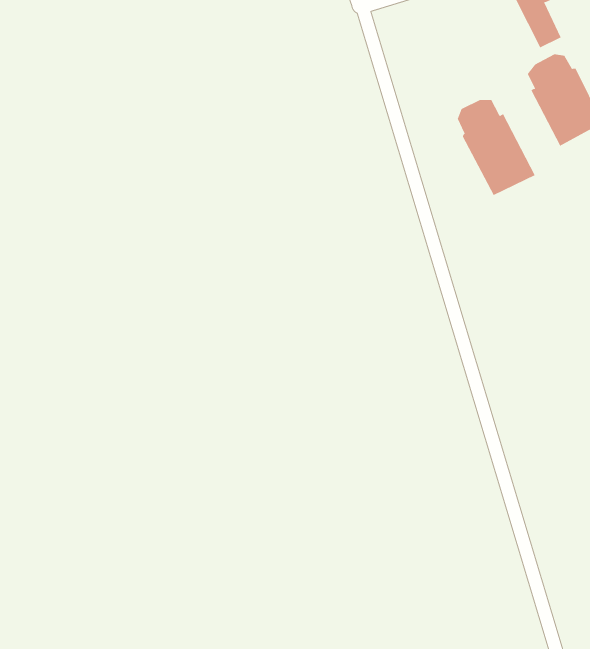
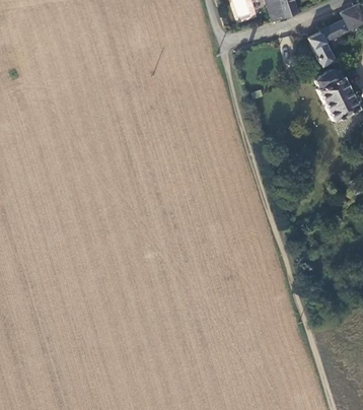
building: [457,99,535,196] -> none

